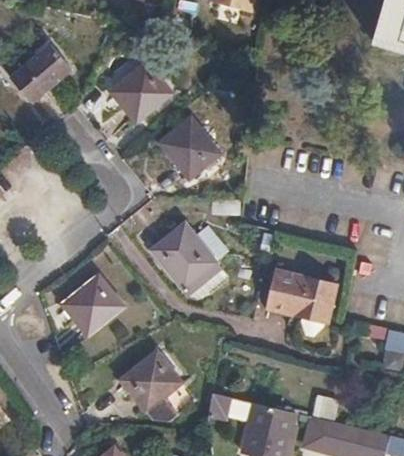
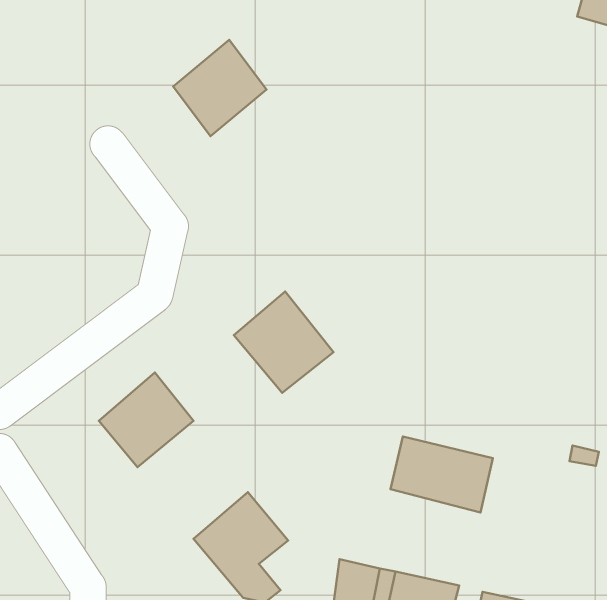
building: [9,43,70,101] -> none
building: [160,113,221,174] -> none
building: [270,272,336,321] -> [390,436,493,513]

